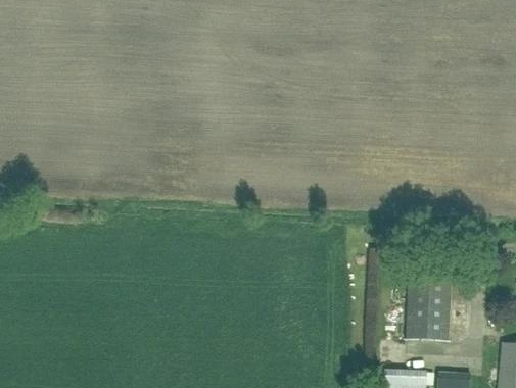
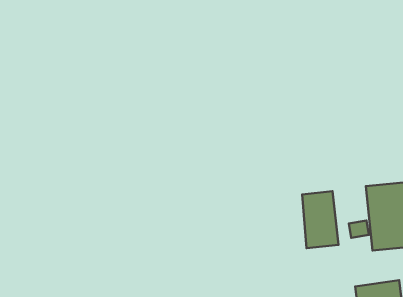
building: none -> [302,191,338,248]

